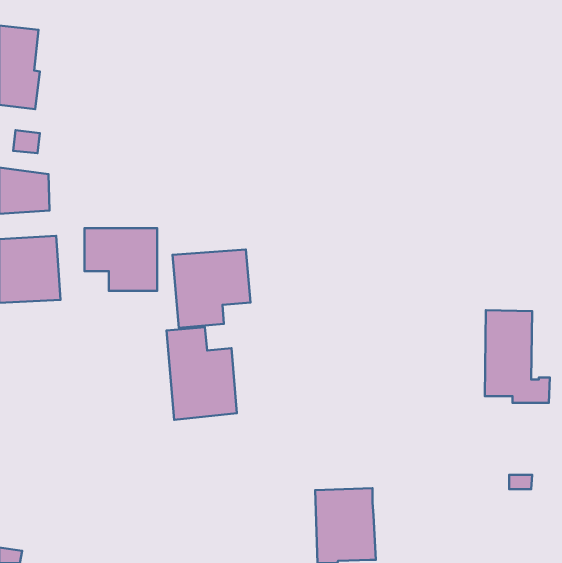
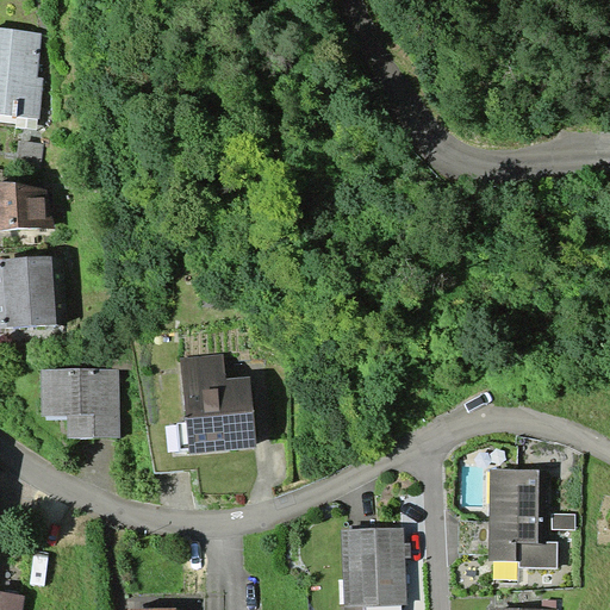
building: [85,228,157,291] -> [41,369,119,437]
building: [173,249,251,328] -> none
building: [485,310,550,403] -> [487,468,558,568]

